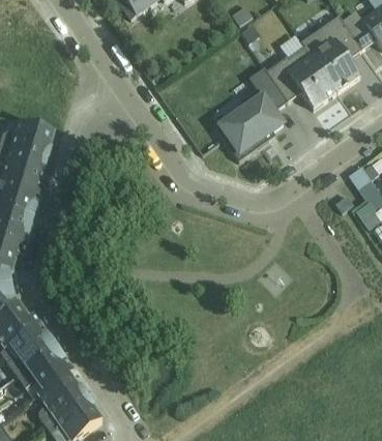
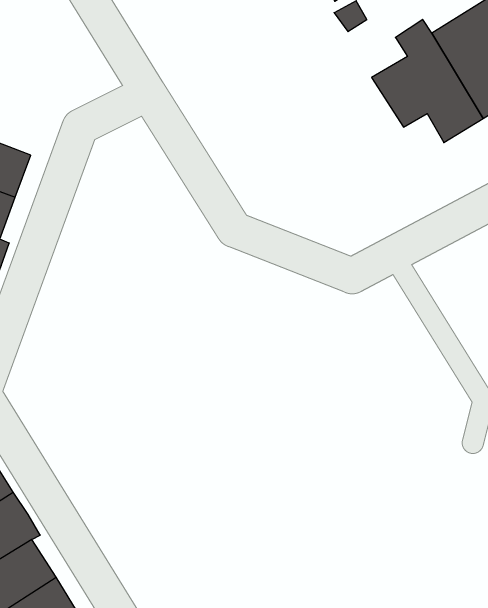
building: [216,68,288,161] -> none

